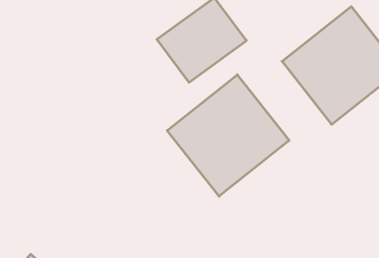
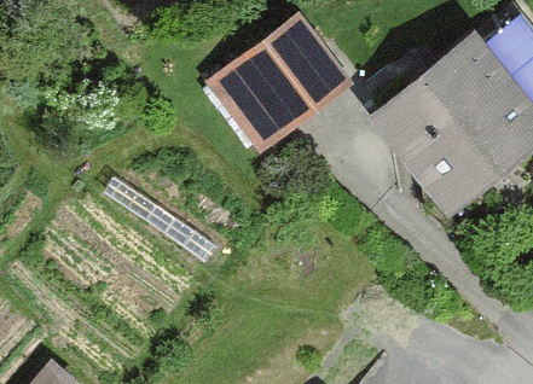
building: [167,75,289,196] -> none

